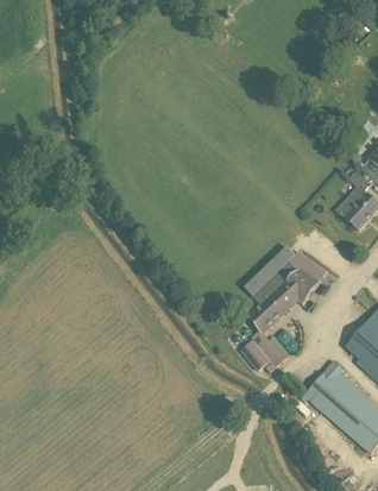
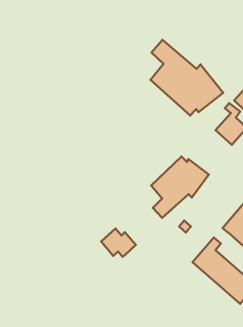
building: none -> [151,40,223,116]
building: [240,332,289,371] -> [101,229,136,257]

